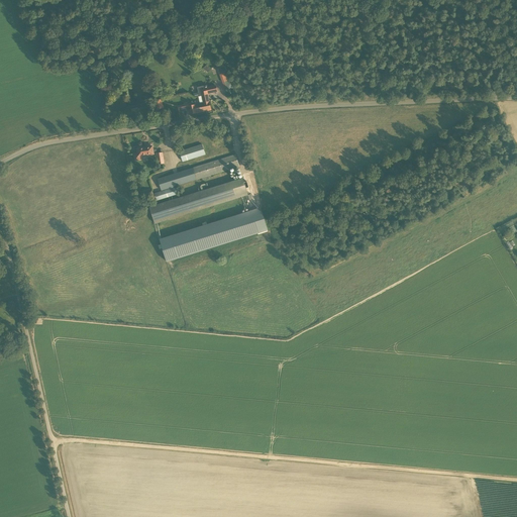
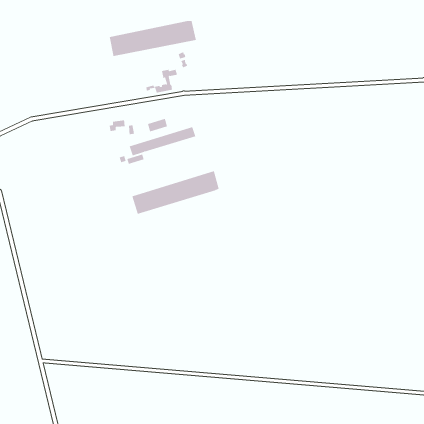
building: none -> [109,20,196,57]
building: [148,177,247,223] -> none

